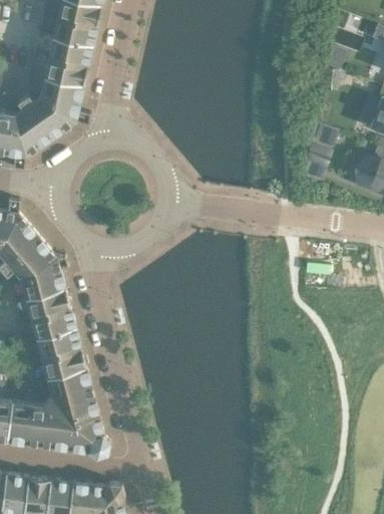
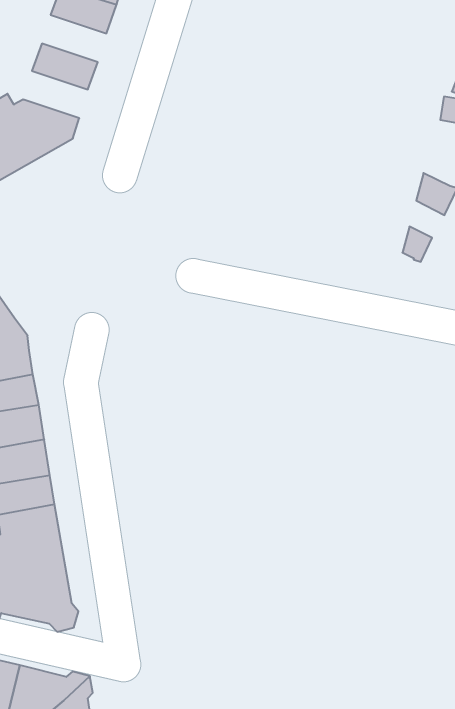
building: [48,39,91,68] -> none
building: [39,78,82,107] -> none

